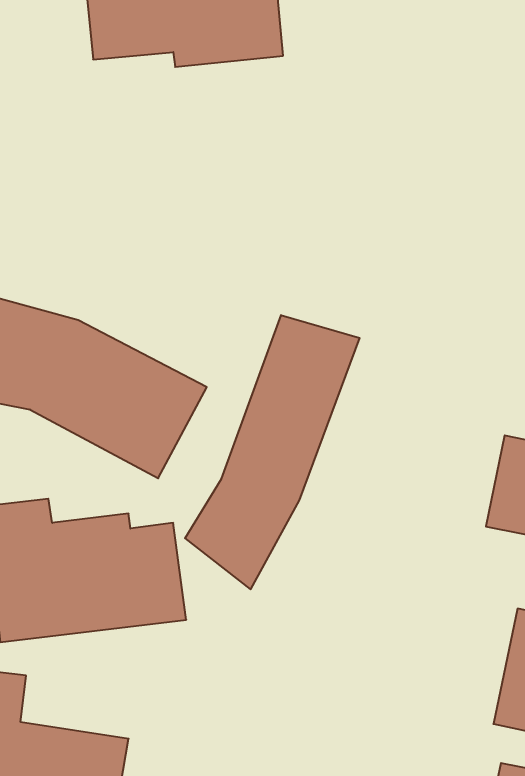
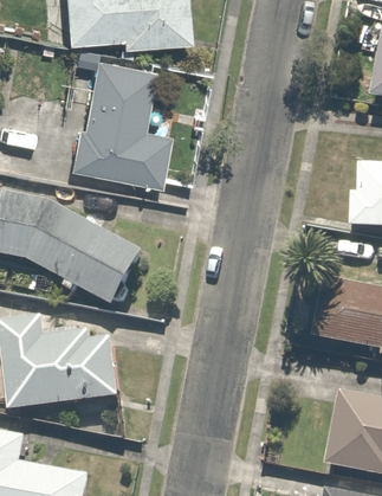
building: none -> [65,57,167,180]
building: [185,315,360,589] -> none

